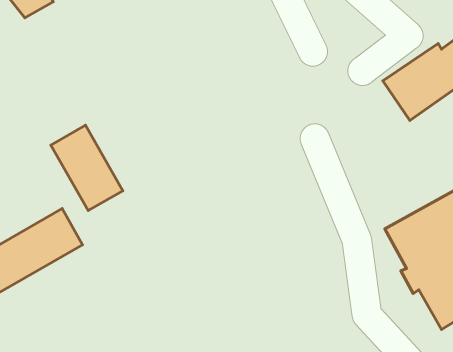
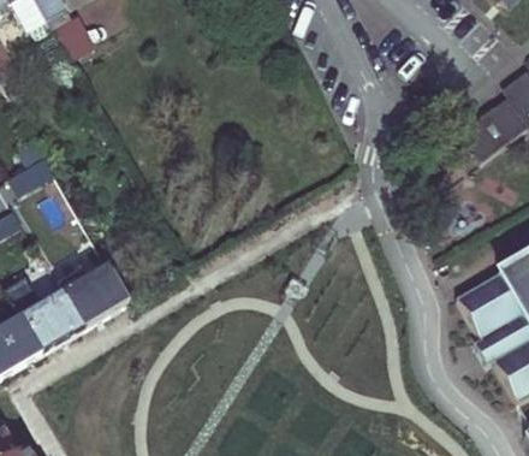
building: [51,125,123,211] -> none

